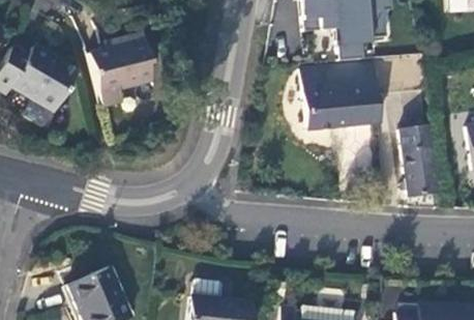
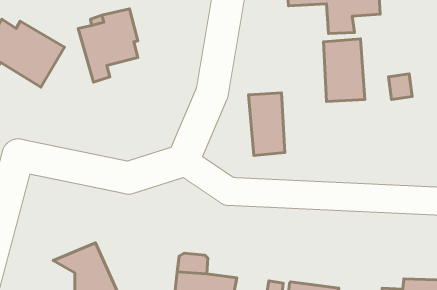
building: [303,65,339,128] -> [249,93,285,156]
building: [398,125,438,198] -> none

